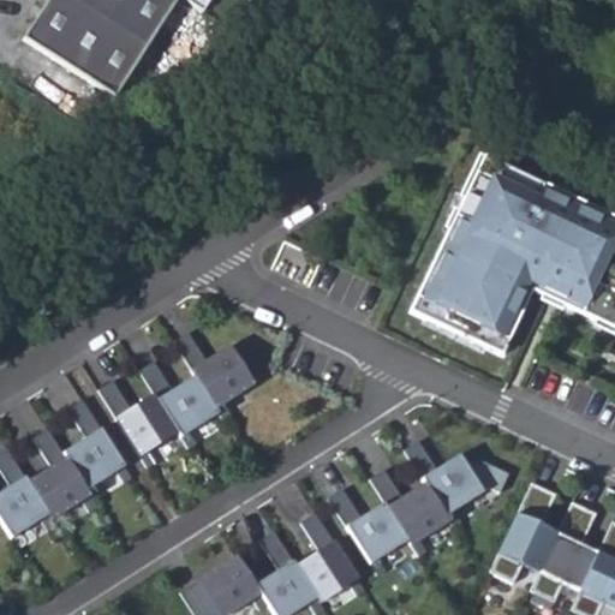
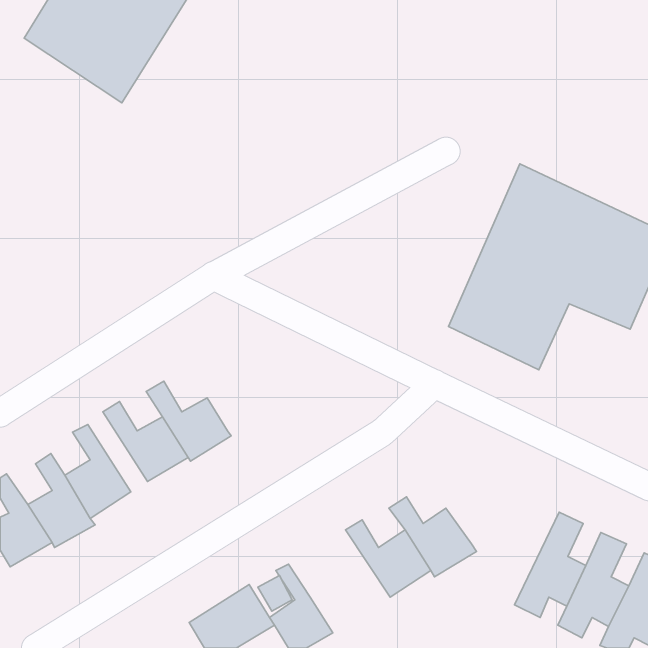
building: [174,330,256,407] -> none
building: [405,442,484,514] -> none
building: [294,512,358,604] -> none

